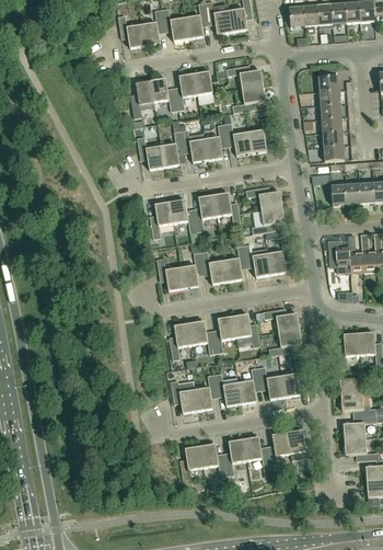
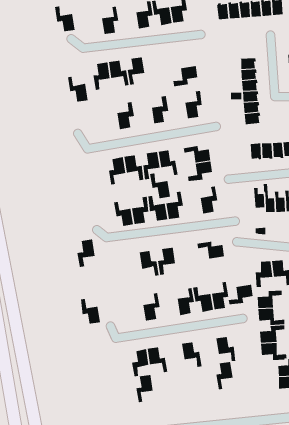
building: [161,8,188,41] -> none
building: [117,14,144,47] -> [54,6,76,32]
building: [227,65,263,88] -> none
building: [194,70,221,103] -> none
building: [224,122,251,154] -> none
building: [181,129,208,161] -> none
building: [137,136,164,169] -> [67,76,89,102]
building: [243,243,270,276] -> [149,173,171,199]
building: [233,313,259,346] -> none
building: [169,322,193,358] -> [77,239,96,267]
building: [268,328,301,354] -> [228,284,254,305]
building: [213,373,241,405] -> none
building: [171,379,197,412] -> [80,298,101,324]
building: [267,432,290,468] -> [215,361,234,390]
building: [223,438,246,474] -> [136,374,154,403]

